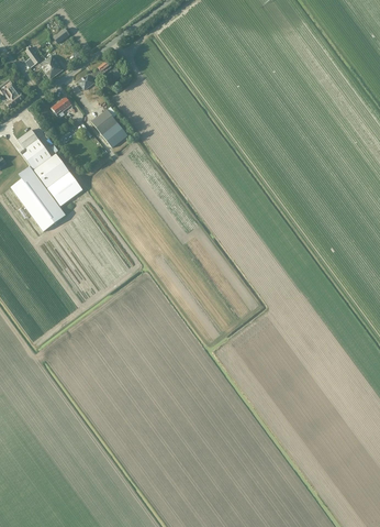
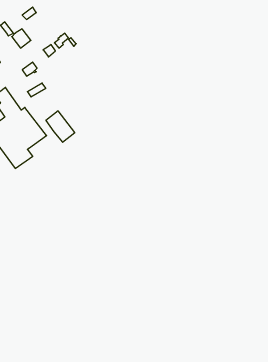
building: [91,108,127,147] -> [46,111,75,142]

